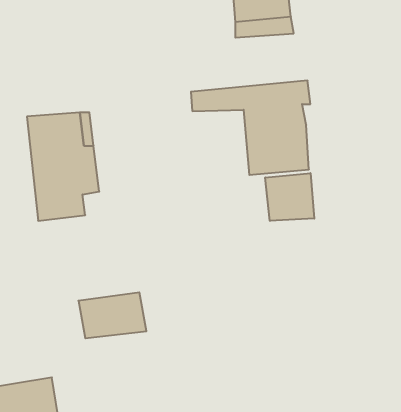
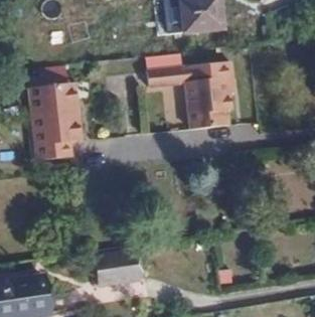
building: [265,173,314,221] -> none
building: [78,292,146,338] -> [89,254,138,287]

